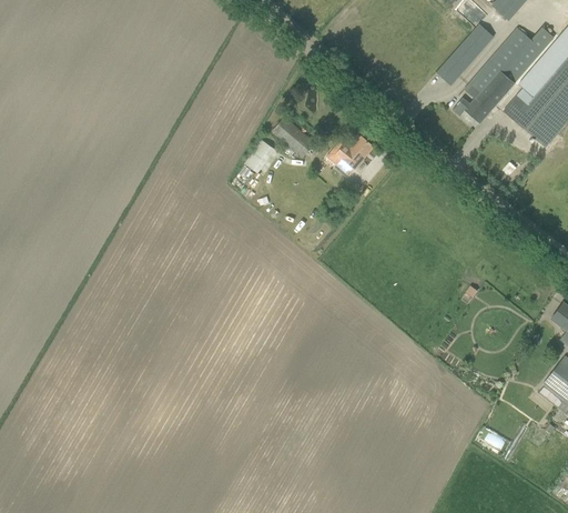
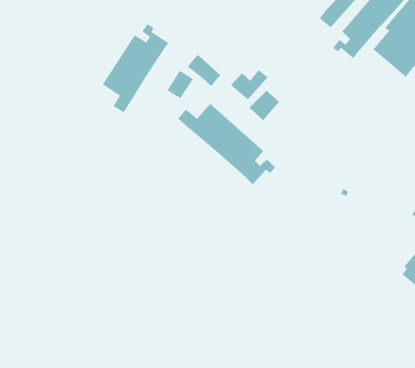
building: none -> [102,23,169,113]
building: none -> [249,90,280,121]
building: none -> [177,103,276,185]

